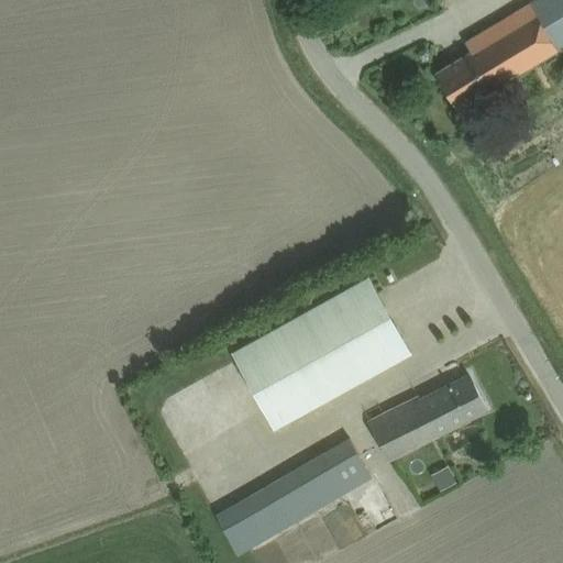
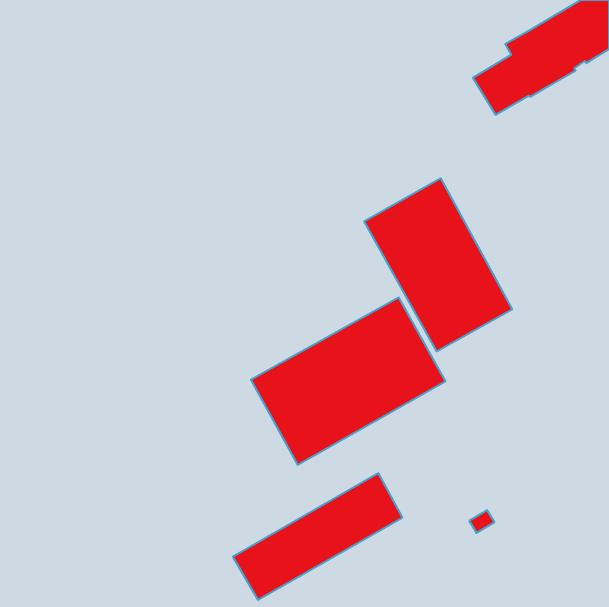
building: none -> [364,178,512,351]
building: [368,377,486,462] -> none

